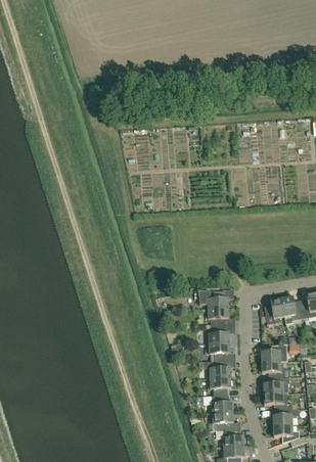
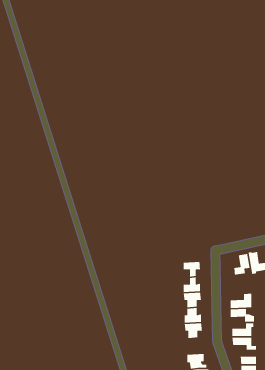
building: [199,290,228,309] -> none
building: [204,395,233,413] -> none

